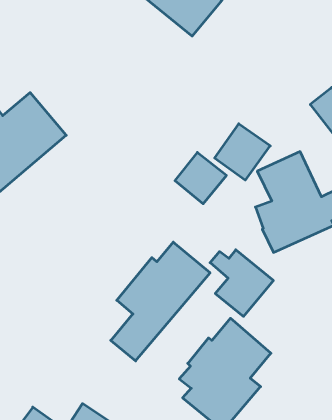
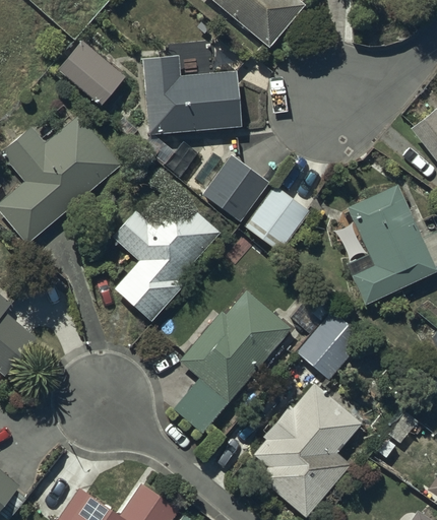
building: none -> [57,40,126,105]
building: none -> [142,55,242,134]
building: [215,124,270,180] -> [203,154,269,221]
building: none -> [114,192,218,320]

